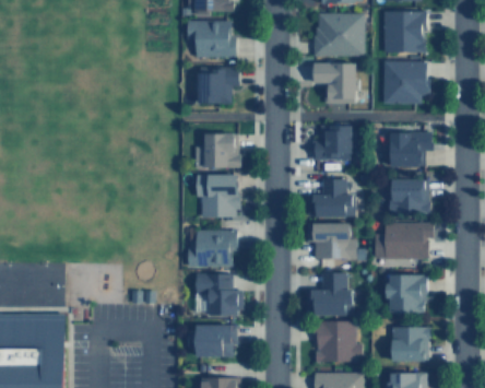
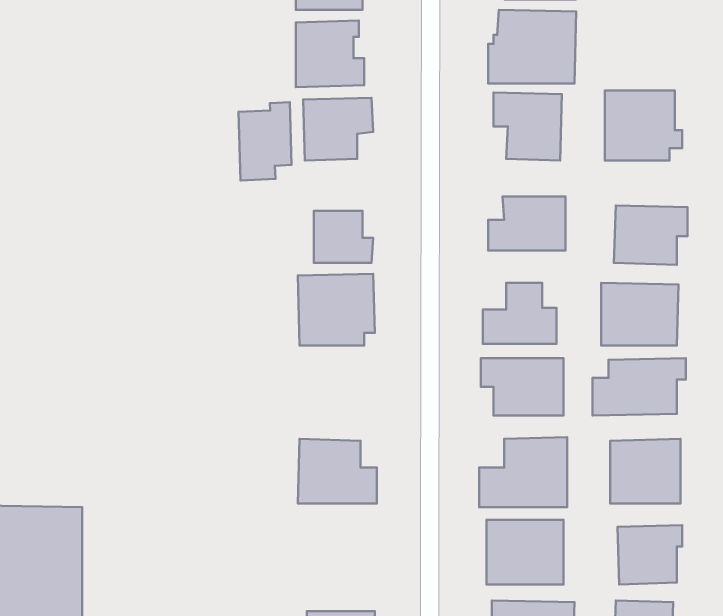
building: [381,12,425,52] -> none
building: none -> [239,102,292,181]
building: [196,230,239,266] -> none
building: [197,325,236,355] -> none

